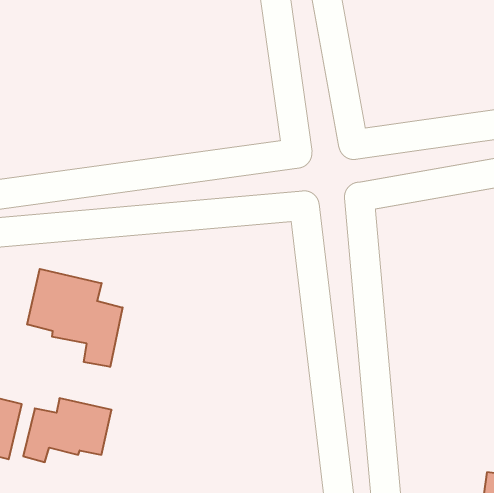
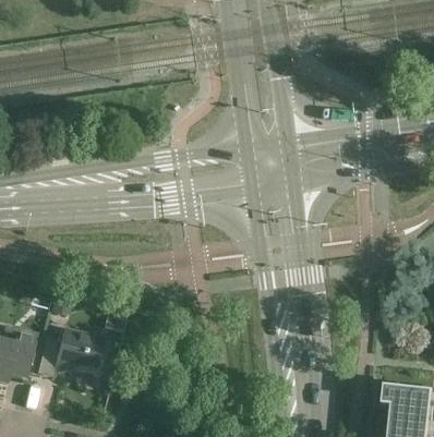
building: [27,269,123,367] -> none

